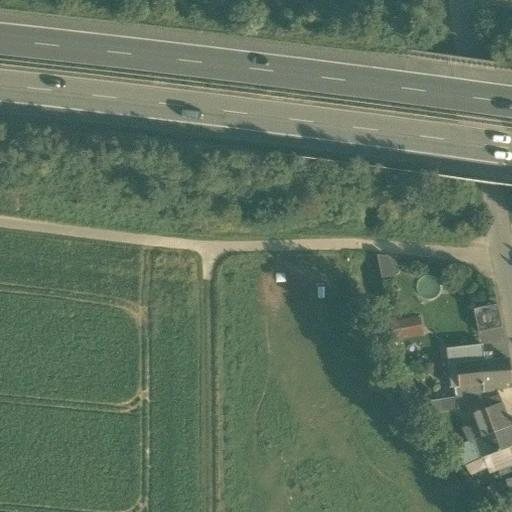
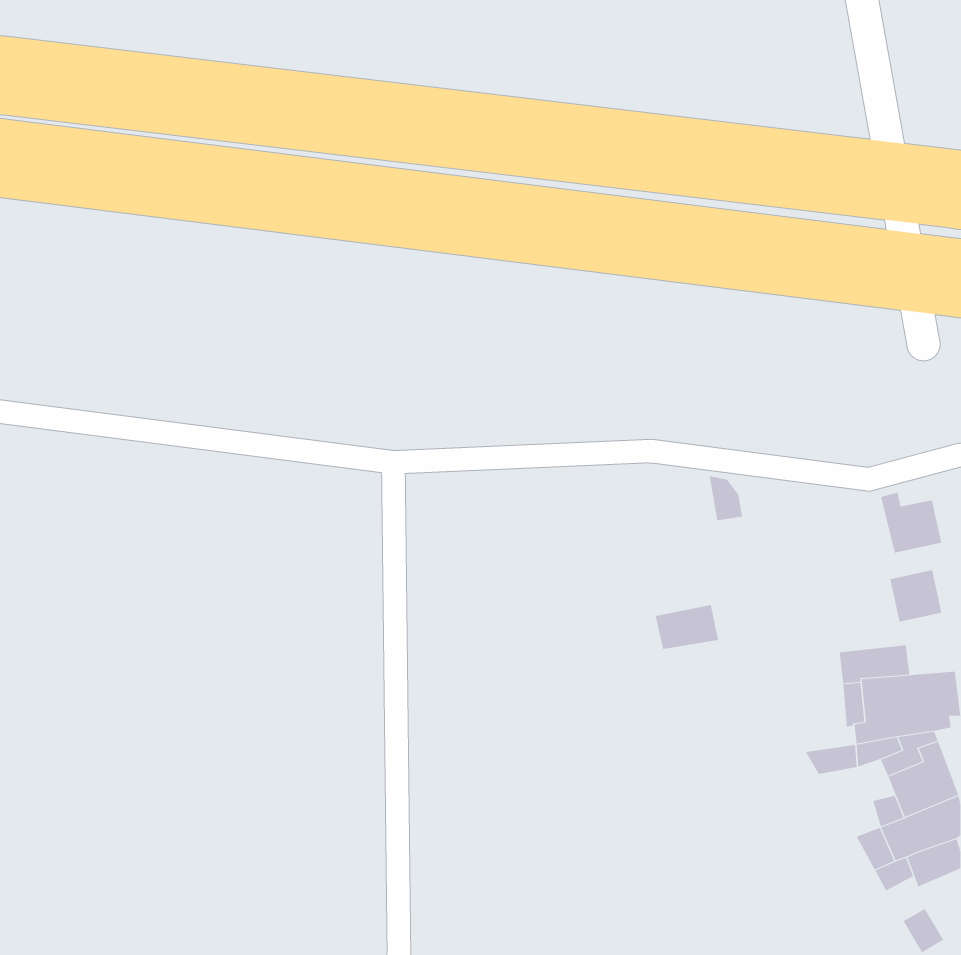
building: none -> [881,492,942,554]
building: [389,314,423,338] -> [655,604,719,650]

